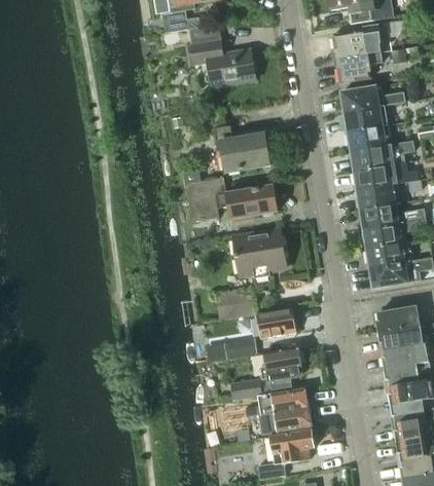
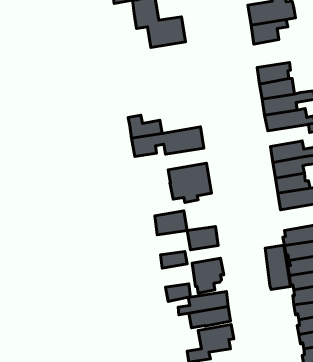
building: [340,85,406,111] -> none
building: [214,124,269,171] -> none
building: [357,183,398,209] -> none
building: none -> [265,245,291,290]

